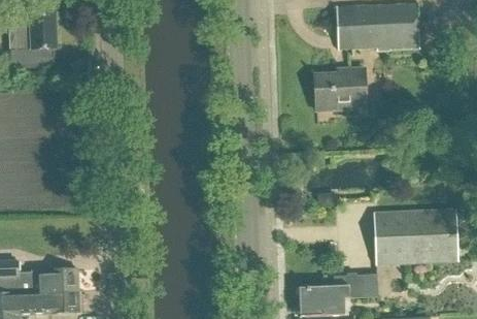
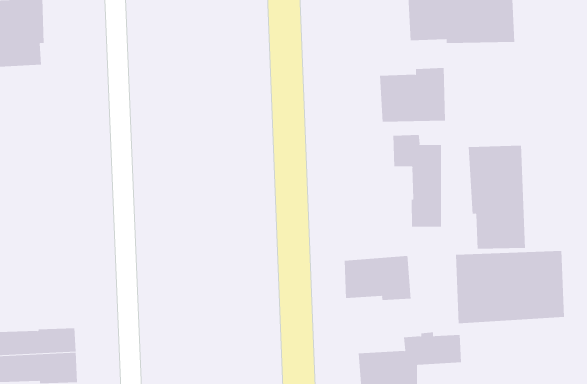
building: none -> [393,134,442,228]
building: none -> [468,145,525,250]
building: none -> [344,255,411,301]

